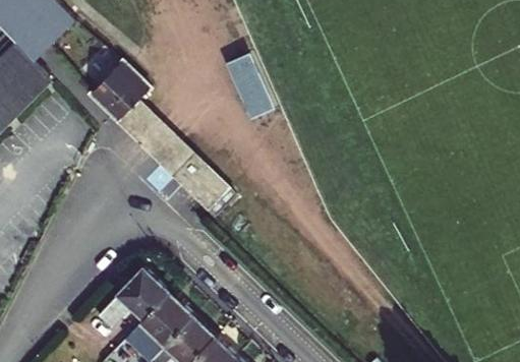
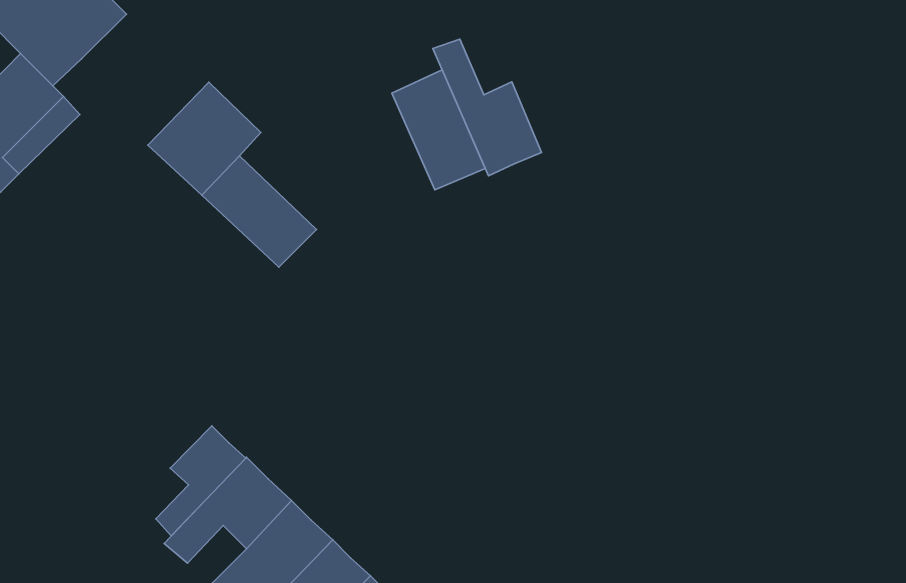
building: none -> [433,39,541,176]
building: [161,141,234,216] -> none
building: none -> [156,426,246,536]

